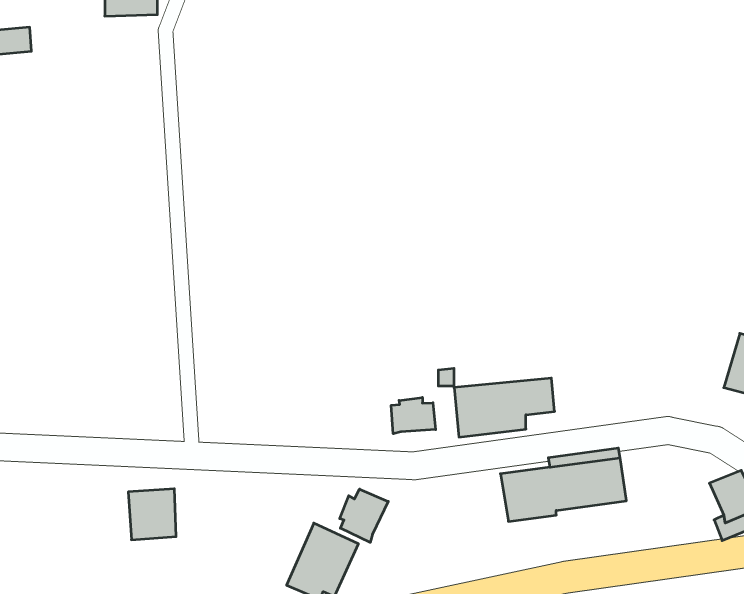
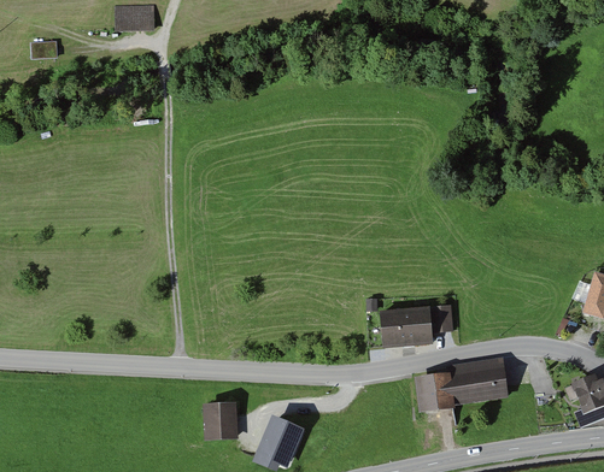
building: [391,397,436,434] -> none
building: [128,489,176,540] -> [201,401,238,439]
building: [340,489,388,542] -> none

